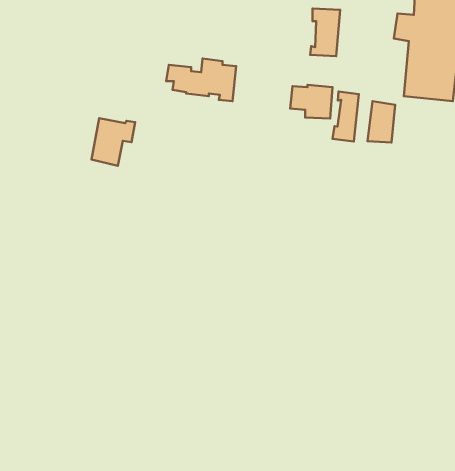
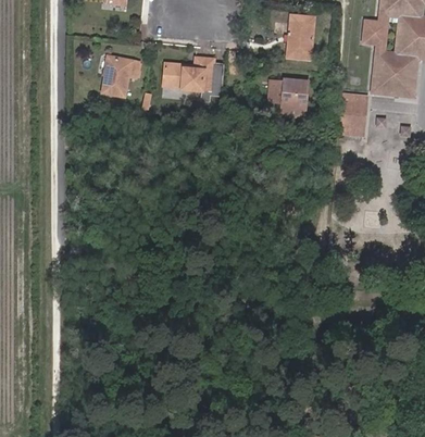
building: [333,91,359,142] -> none
building: [92,118,135,166] -> [101,58,139,99]

